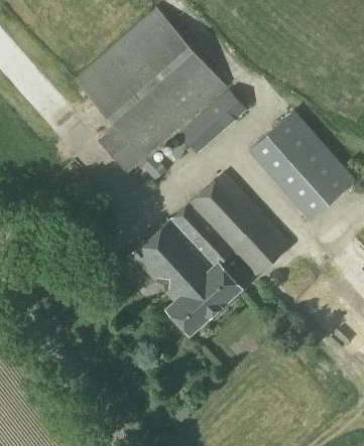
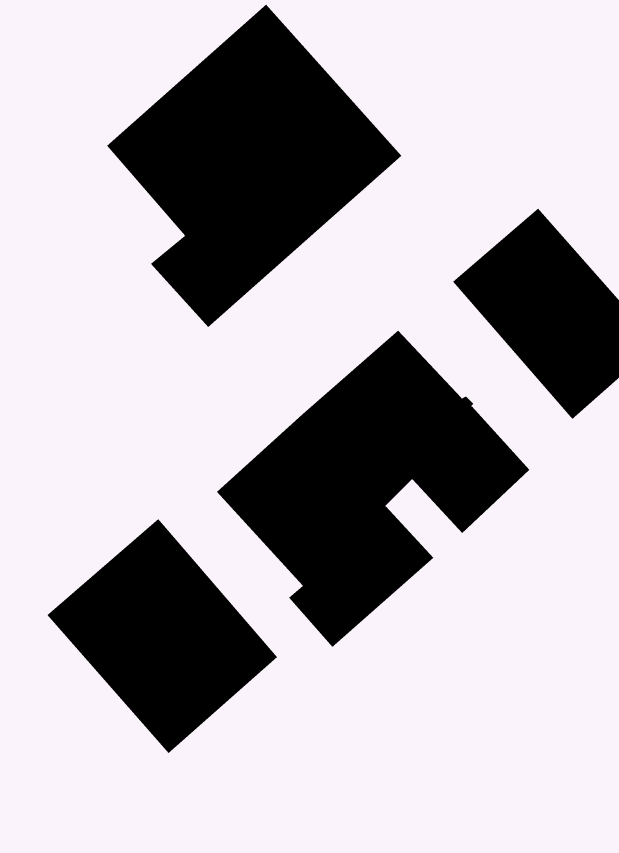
building: [179,90,248,155] -> none
building: none -> [47,518,278,754]

